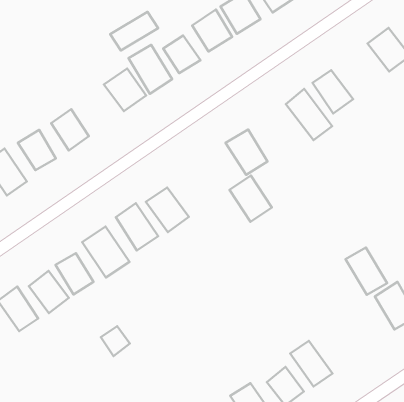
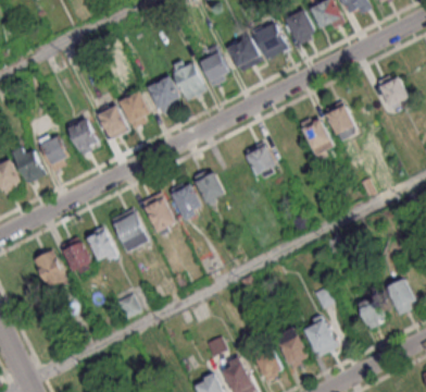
building: [110,12,158,51] -> none
building: none -> [121,91,151,127]
building: [230,176,272,222] -> [192,167,226,206]
building: [346,248,387,295] -> [303,316,336,356]

